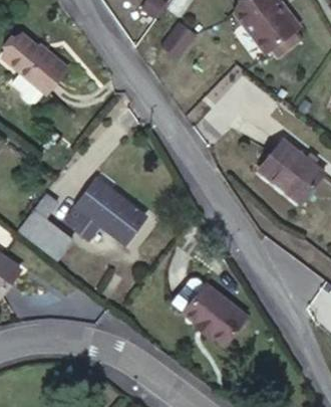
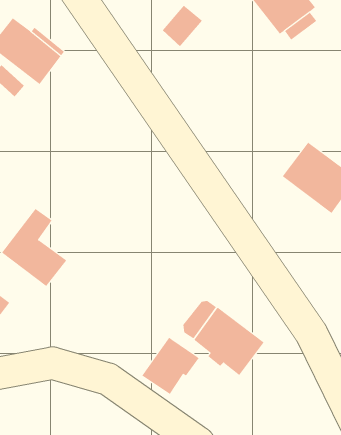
building: [62,185,144,246] -> none
building: none -> [141,337,199,395]

